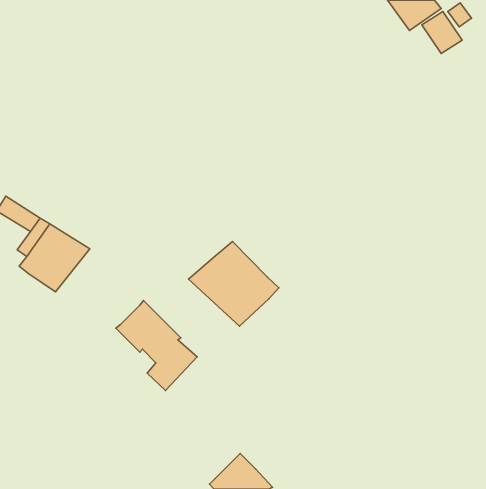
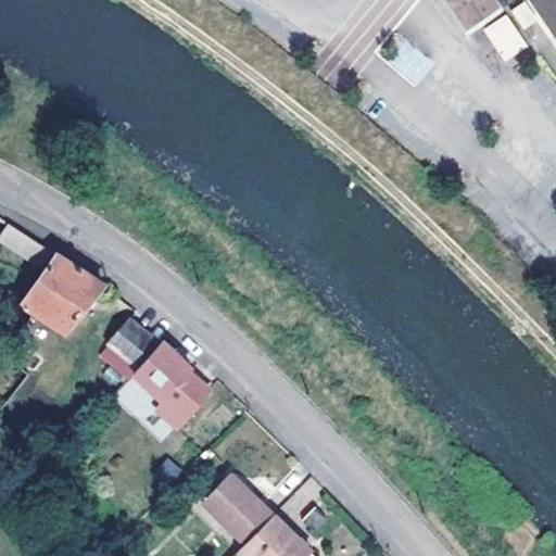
building: [188,241,279,326] -> none
building: none -> [109,318,159,368]
building: none -> [201,472,273,543]

